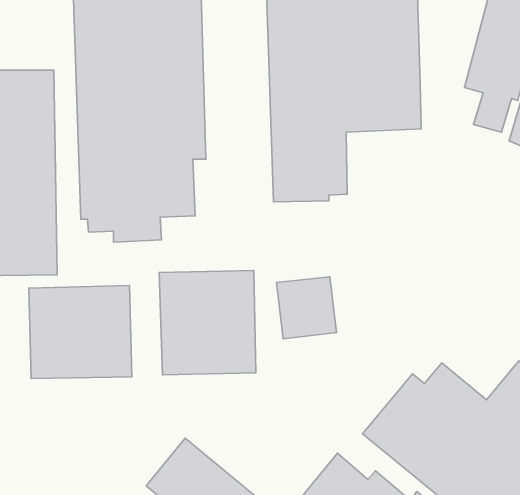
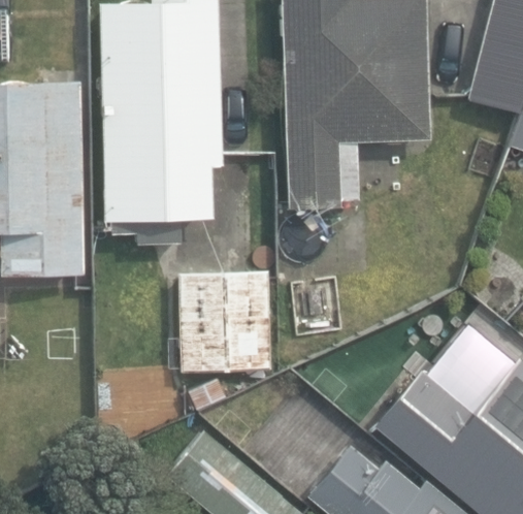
building: [29,286,132,378] -> none

